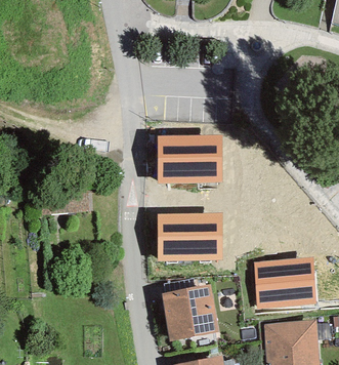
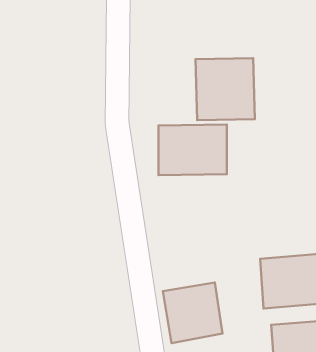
building: none -> [195,58,255,120]
building: [158,213,222,261] -> none

